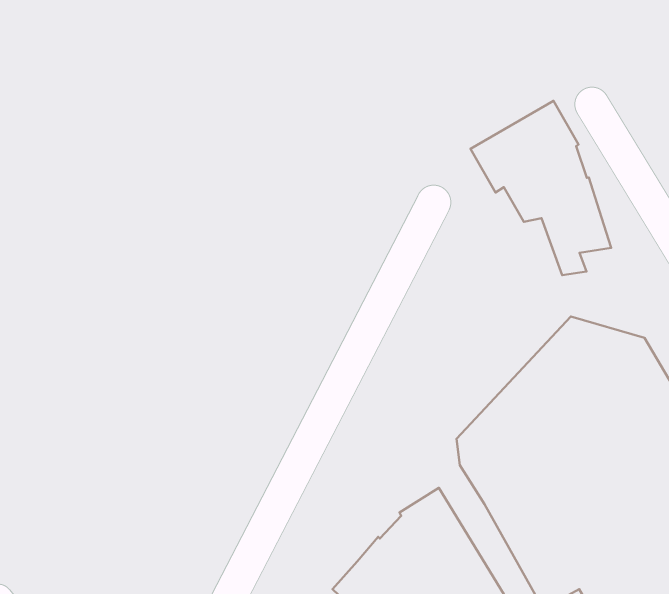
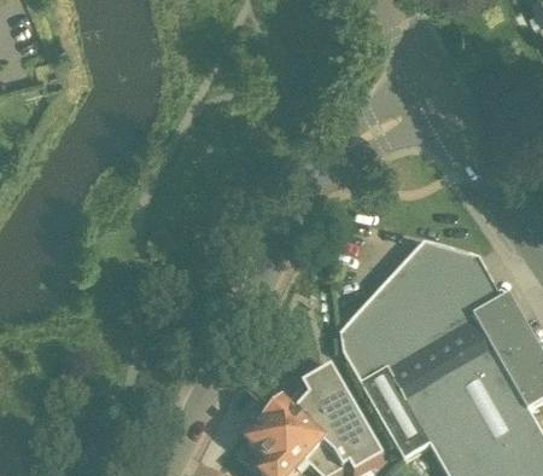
building: [470,101,611,275] -> none

